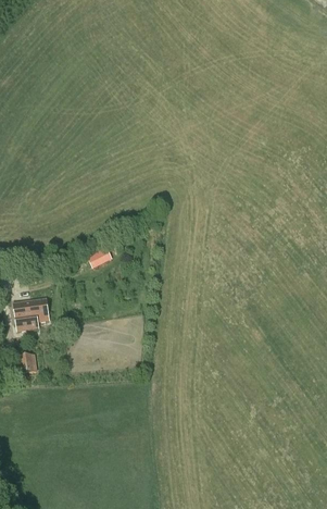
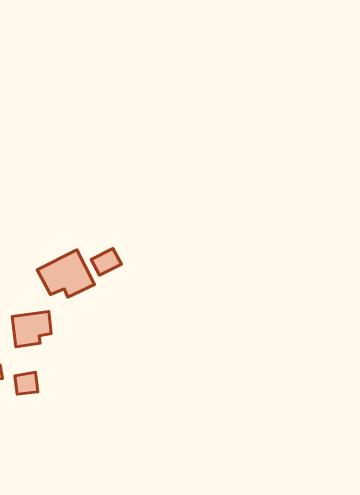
building: none -> [37,250,95,297]

